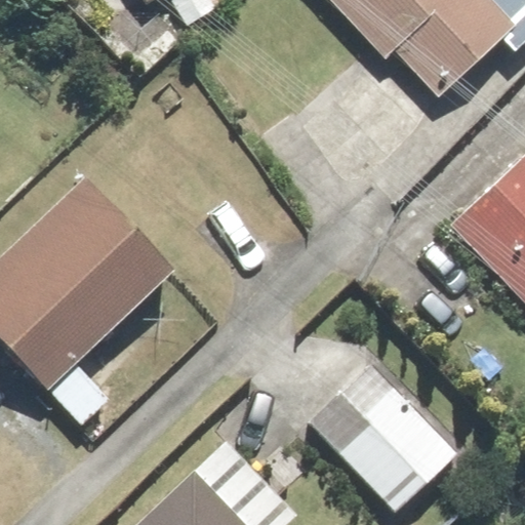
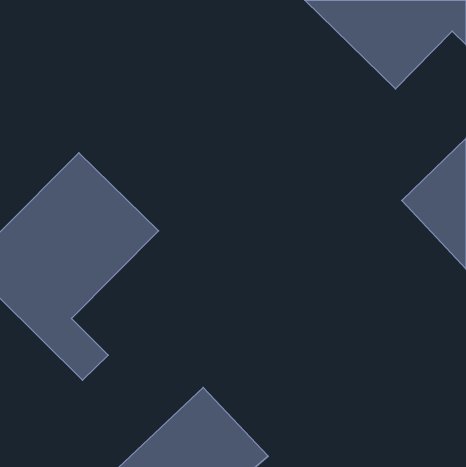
building: [310,366,459,516] -> none

